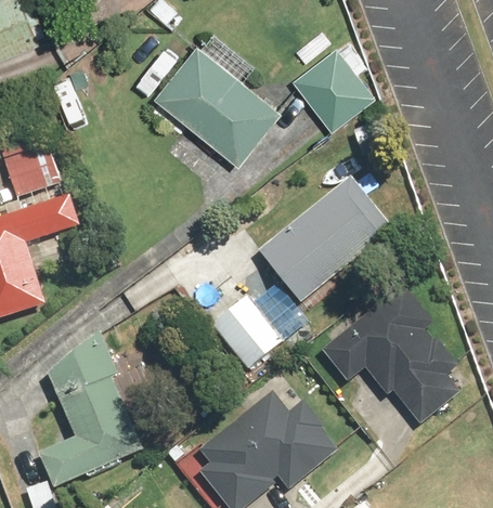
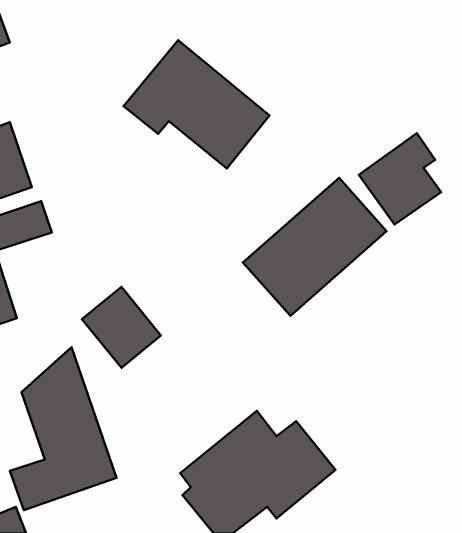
building: [294,42,371,128] -> [359,133,441,225]
building: [323,286,455,417] -> none
building: [211,296,285,372] -> [82,287,161,368]

